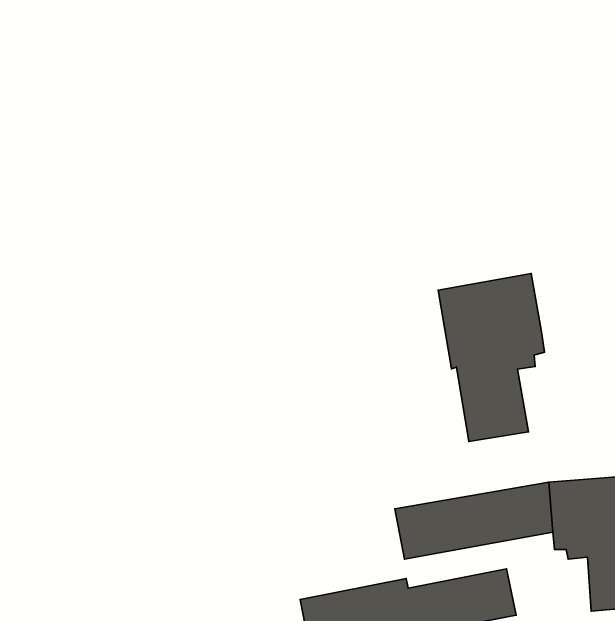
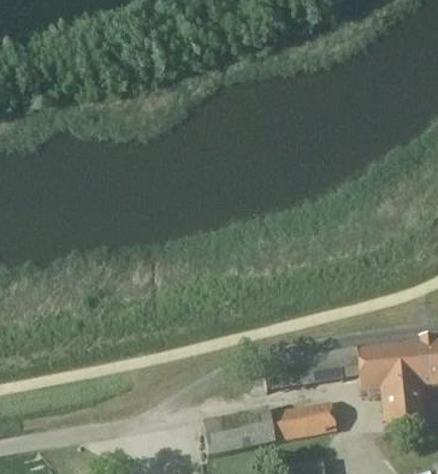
building: [438,274,544,442] -> none

